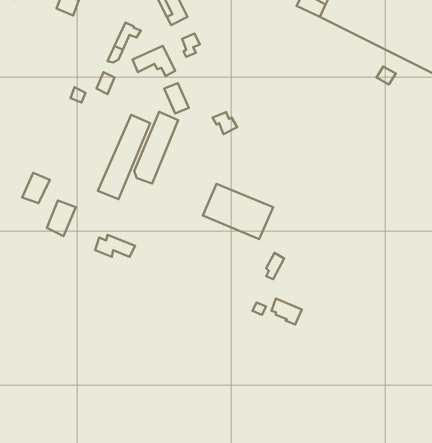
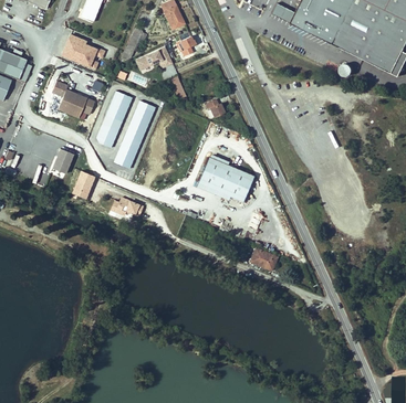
building: none -> [60,34,105,70]
building: none -> [51,81,95,117]
building: [134,112,178,184] -> [96,91,132,148]

